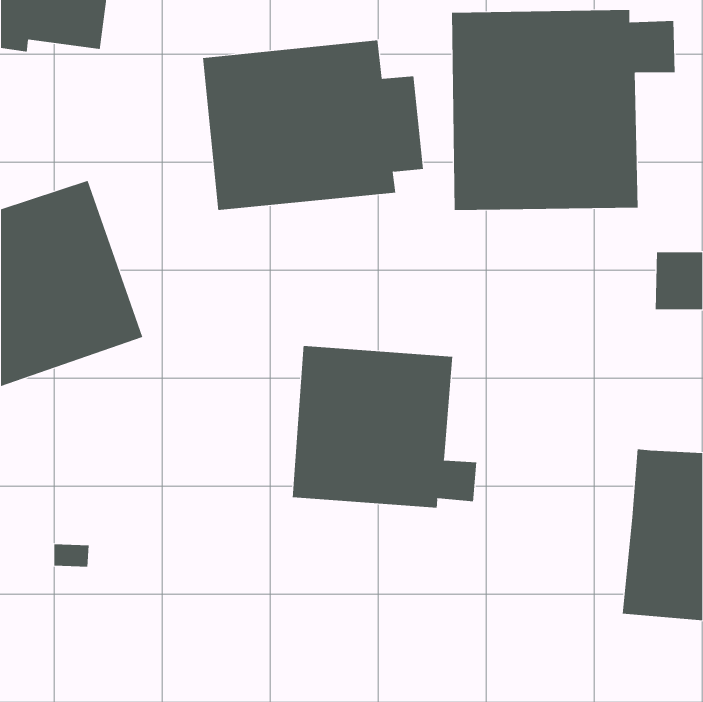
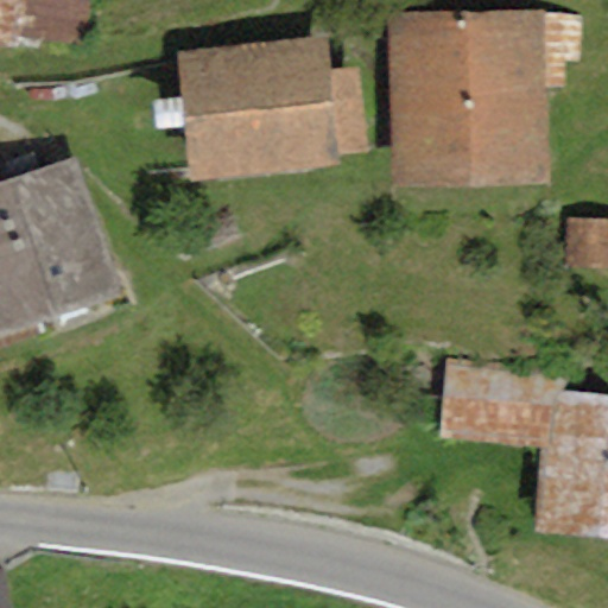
building: [292,345,477,508] -> none
building: none -> [439,357,564,446]

